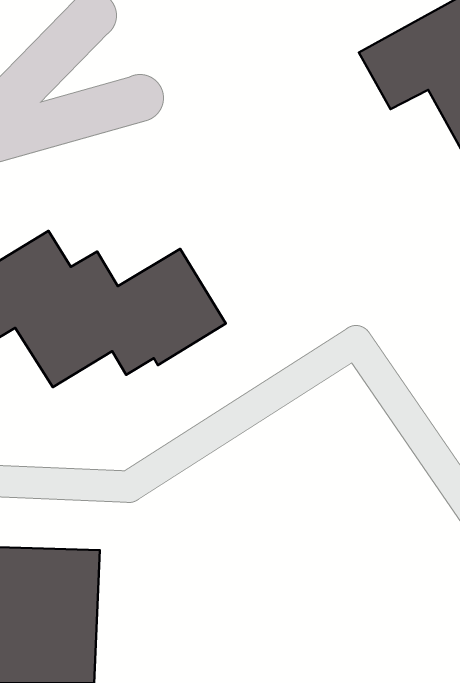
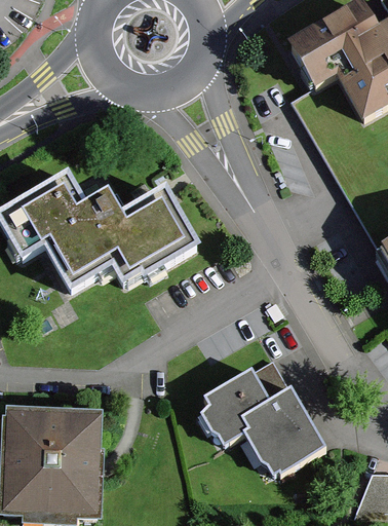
building: none -> [192,352,331,476]

